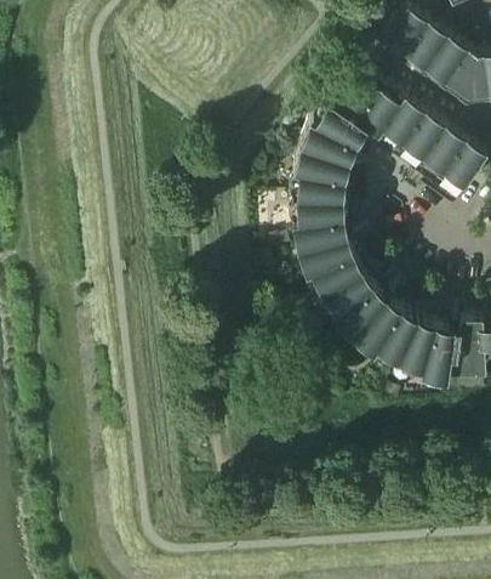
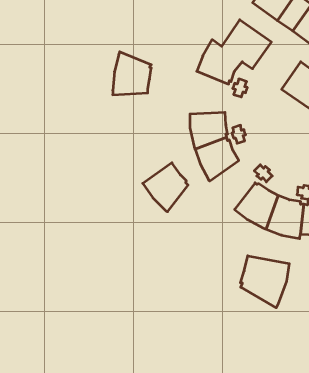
building: [384,106,452,172] -> none
building: [296,147,350,208] -> [113,52,151,95]
building: [324,273,388,342] -> [143,163,188,212]
building: none -> [240,256,289,308]

